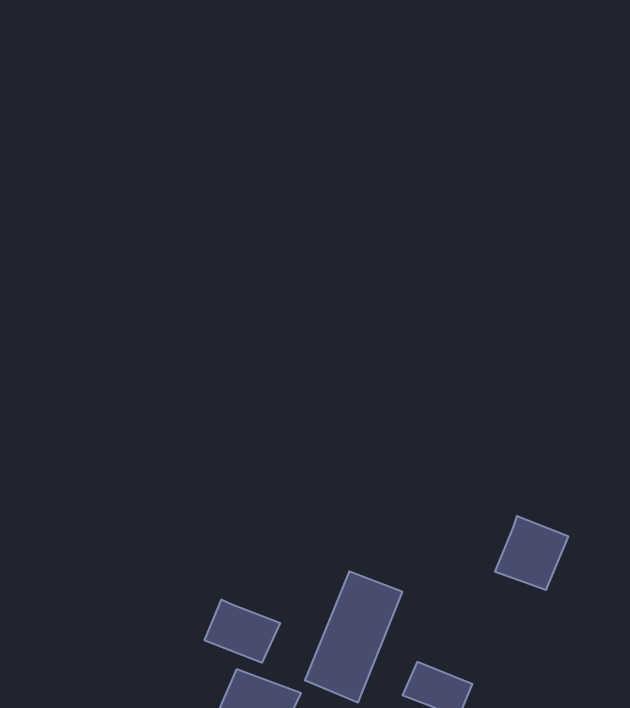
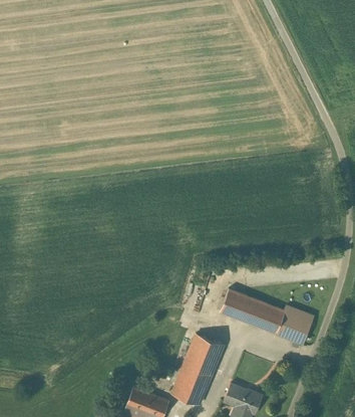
building: none -> [219,287,284,334]
building: [205,599,280,663] -> none

